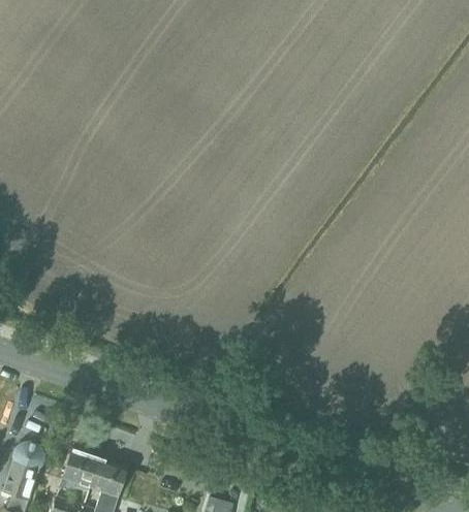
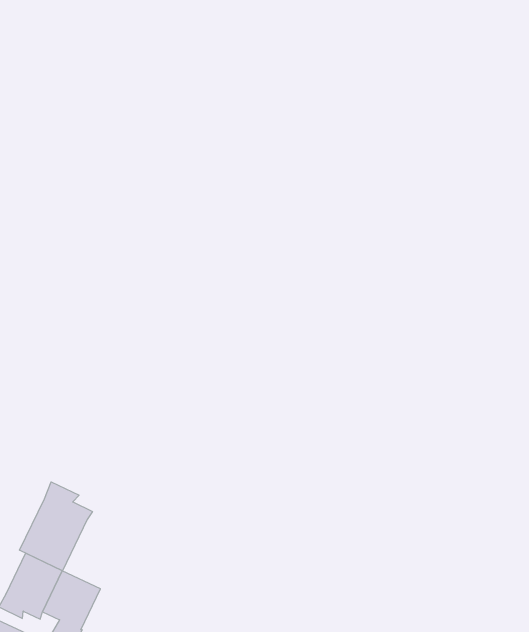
building: none -> [20,482,92,571]

